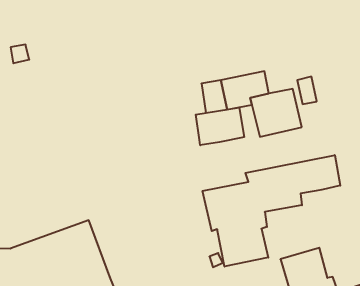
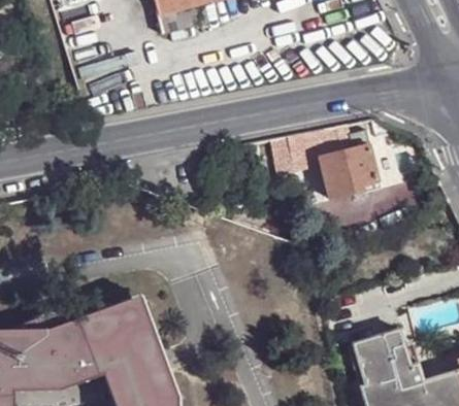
building: [196,107,244,145] -> none
building: [203,155,340,267] -> none

